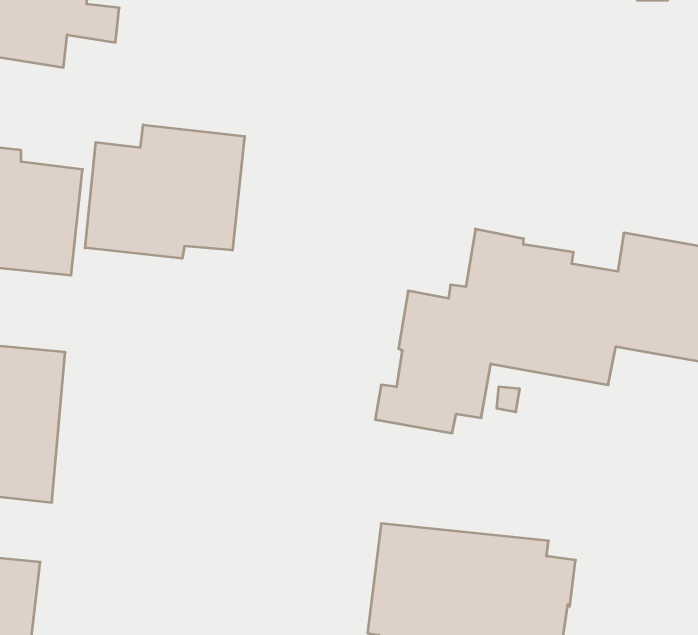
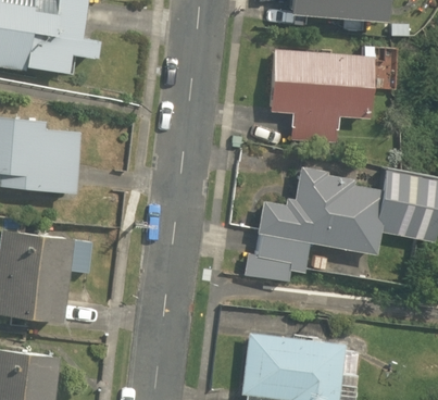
building: none -> [274,47,380,145]
building: [85,125,245,258] -> none

